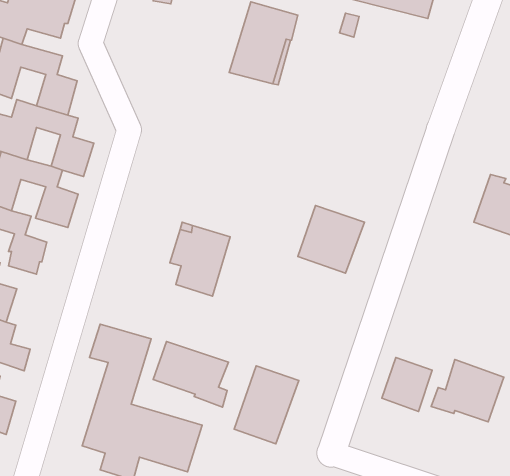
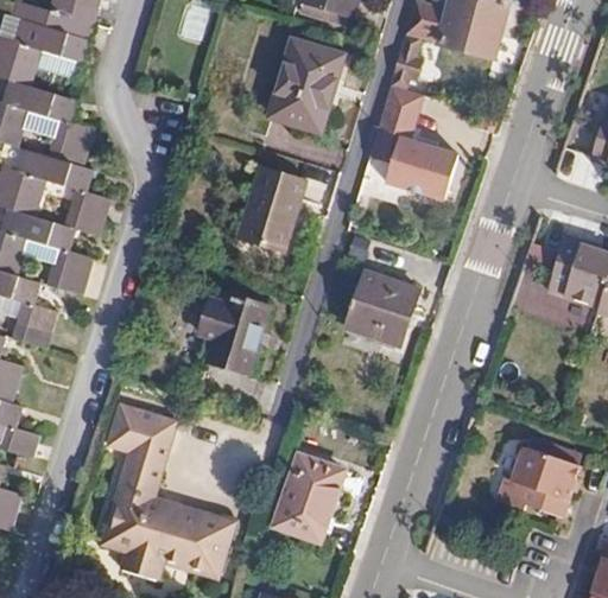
building: none -> [368,83,458,199]
building: none -> [236,164,306,253]
building: [153,341,228,407] -> none
building: [382,358,432,411] -> none

